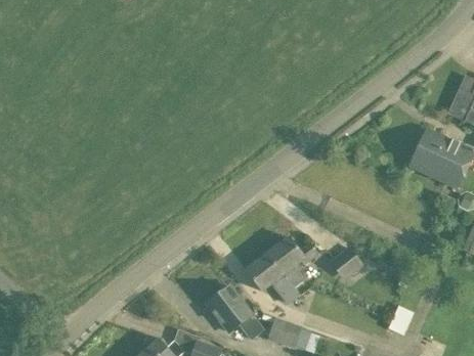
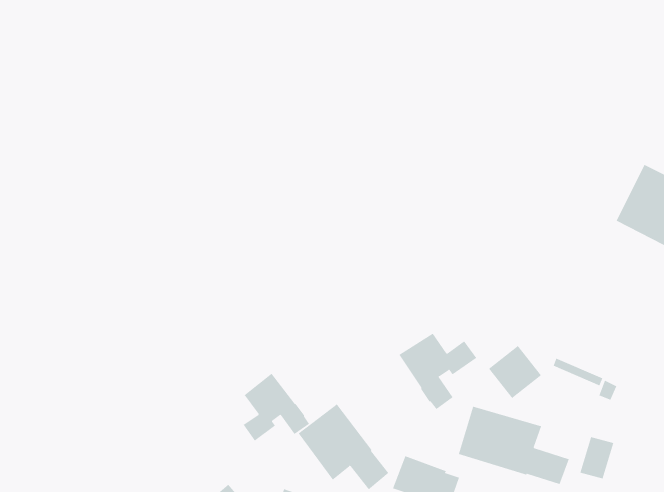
building: [247,252,284,290] -> none
building: none -> [243,373,310,441]
building: none -> [458,406,569,485]

